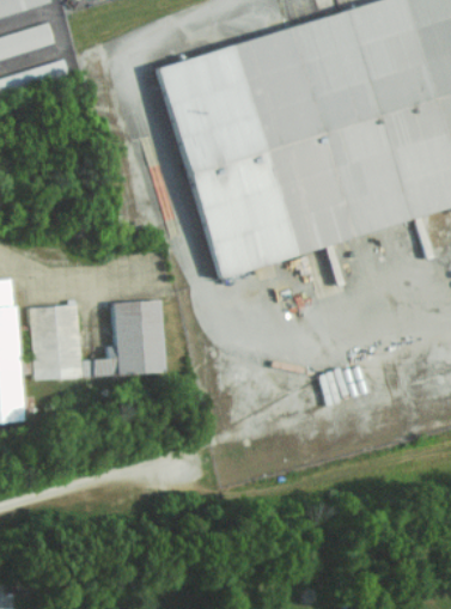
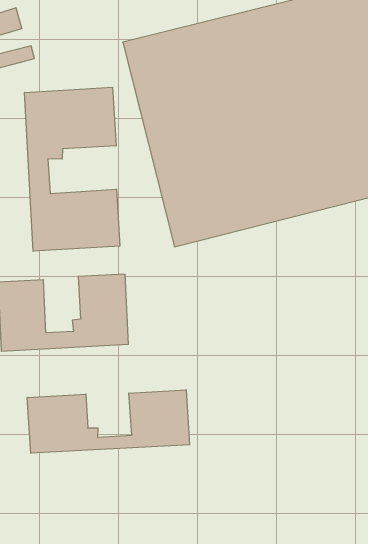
building: none -> [25,87,120,251]
building: none -> [27,390,190,453]

